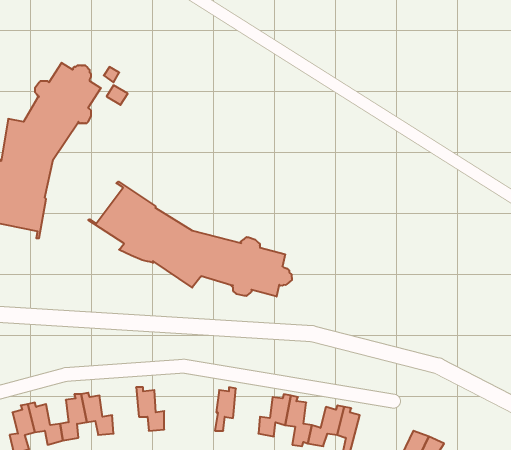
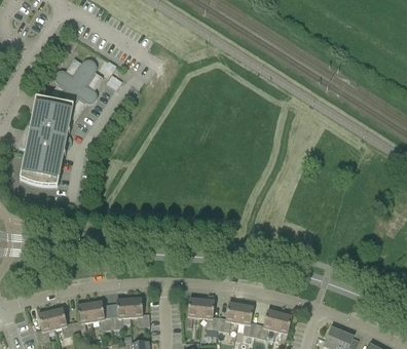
building: [88,182,292,297] -> none
building: none -> [111,296,131,329]
building: none -> [199,297,219,329]

